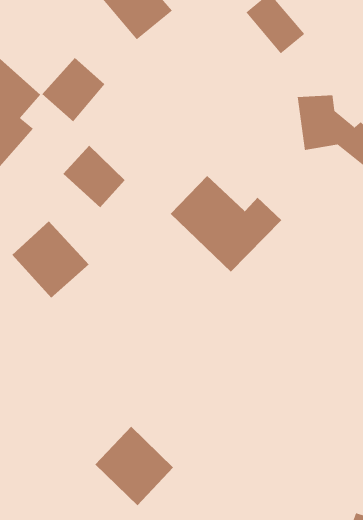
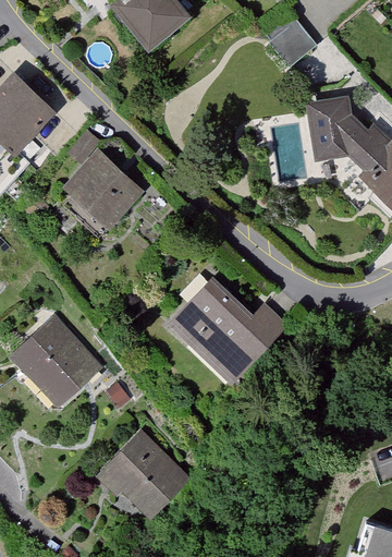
building: [41,57,105,122] -> none
building: [170,175,282,273] -> [176,286,291,385]
building: [12,221,90,299] -> [19,323,98,402]

